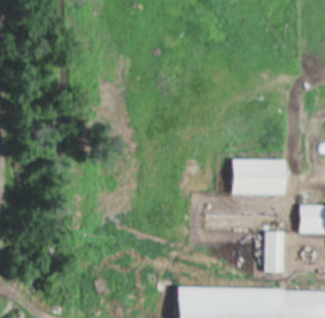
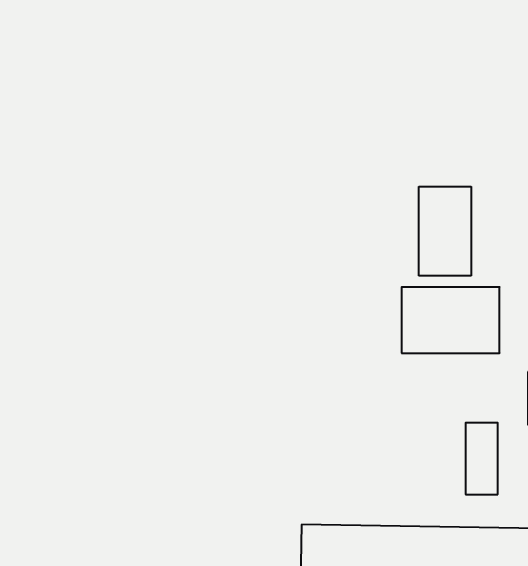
building: none -> [419,187,471,276]

